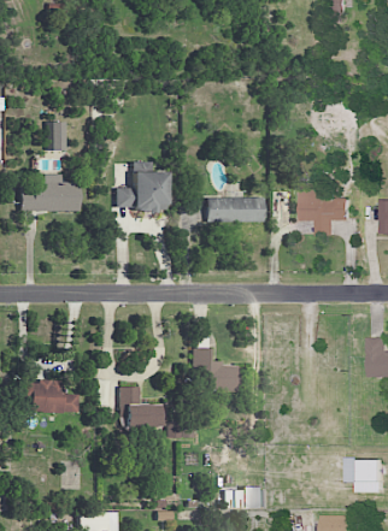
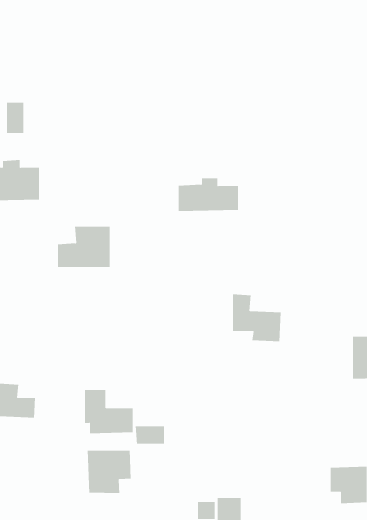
building: [116,171,165,210] -> [57,226,111,268]
building: [299,184,349,235] -> none
building: [192,347,237,391] -> [232,294,281,342]
building: none -> [87,450,131,494]

